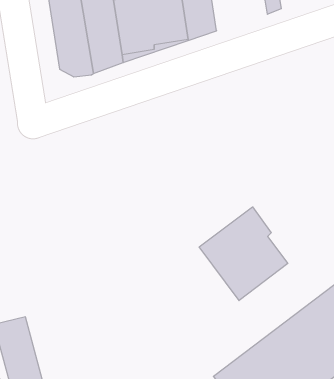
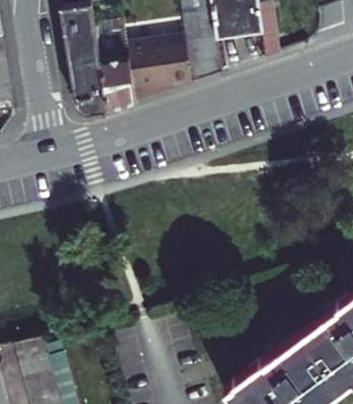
building: [199,207,288,301] -> none

